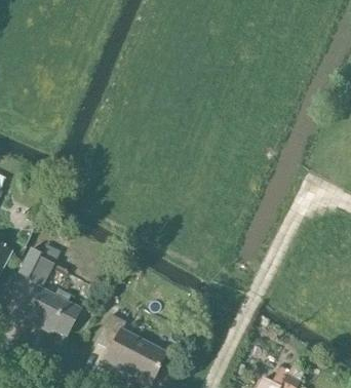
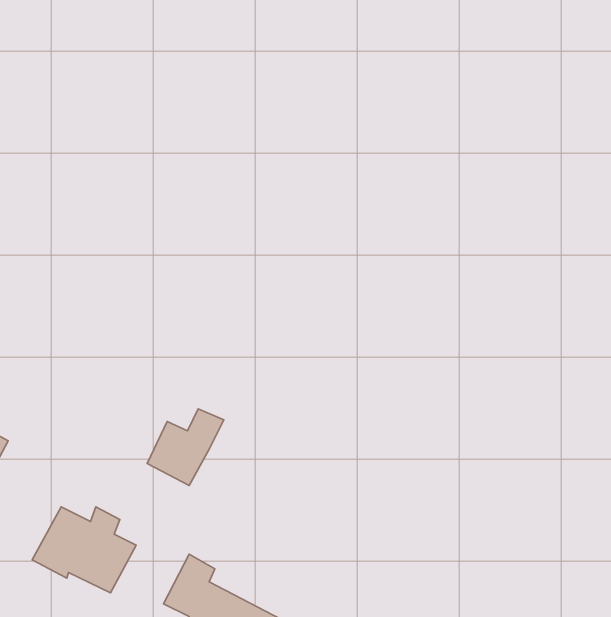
building: [18,240,62,283] -> [147,409,224,486]

